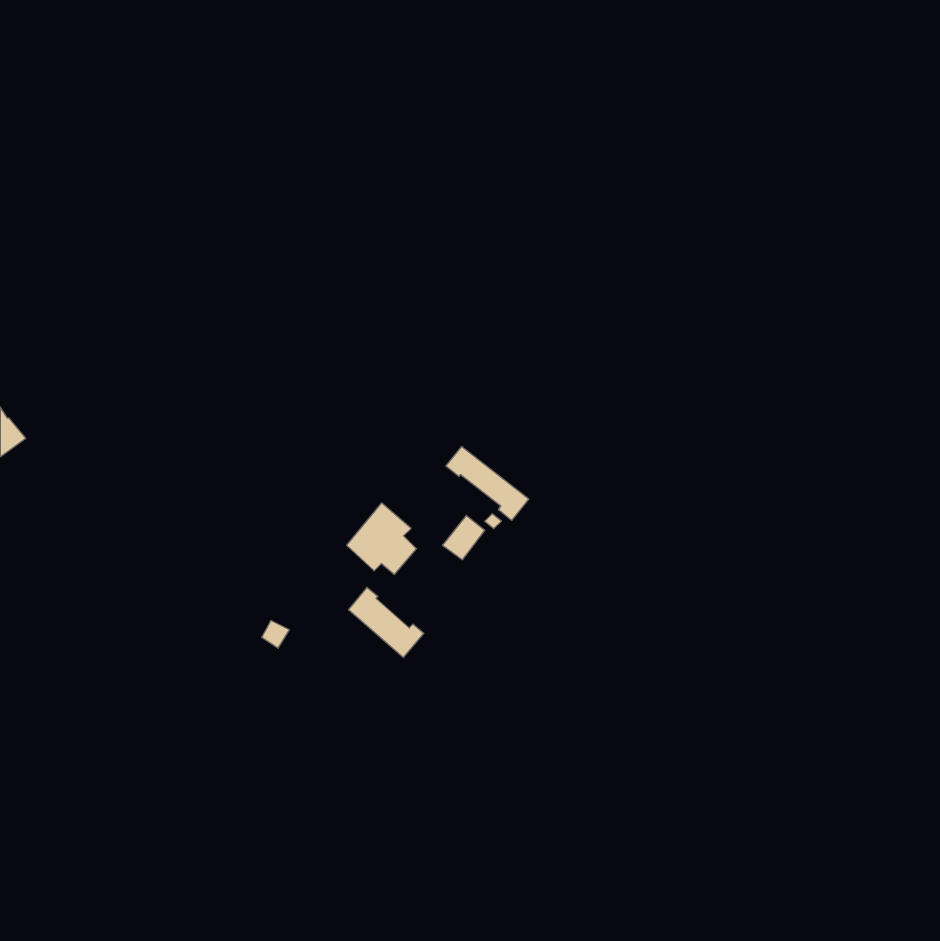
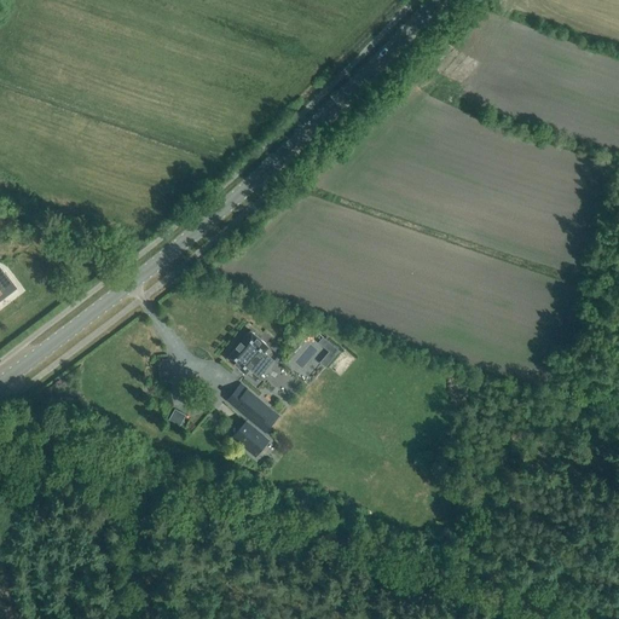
building: [446,446,529,520] -> none
building: none -> [235,422,268,456]

